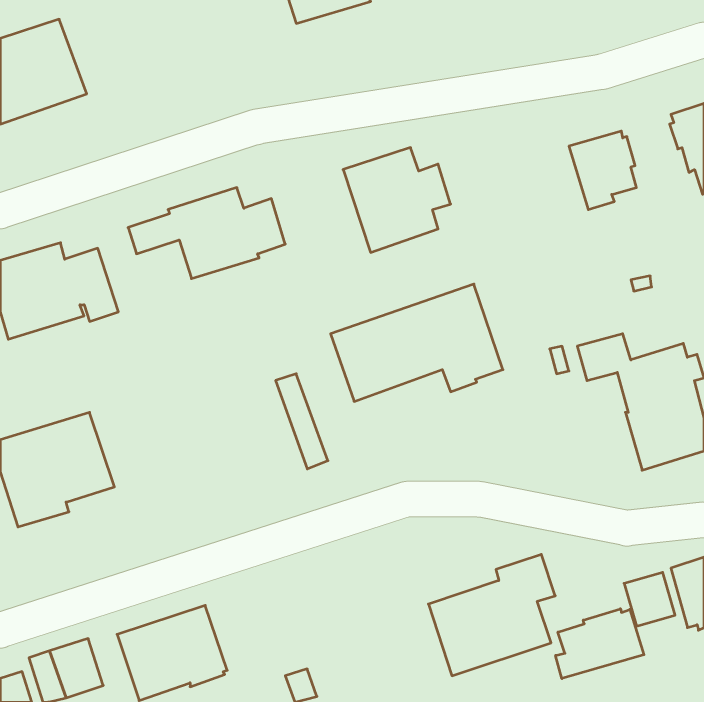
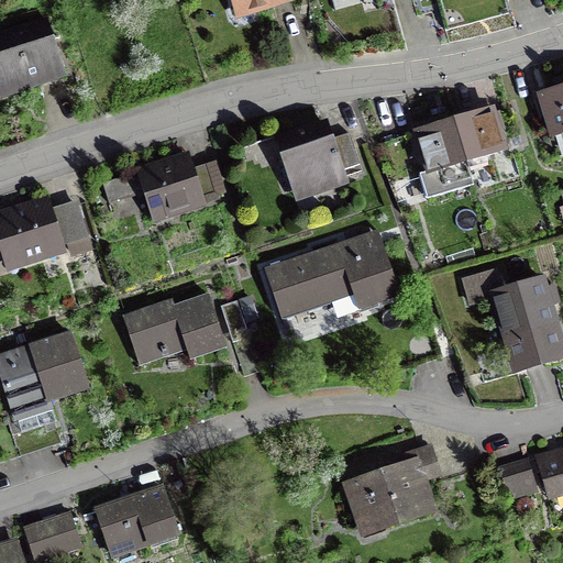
building: none -> [391,117,474,206]
building: none -> [122,291,229,365]
building: [556,609,644,679] -> none

